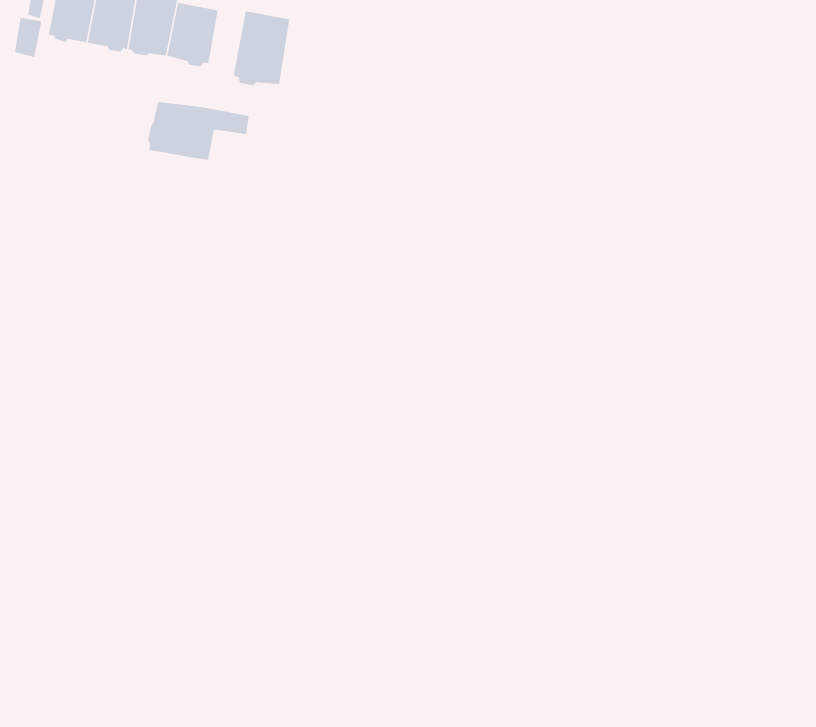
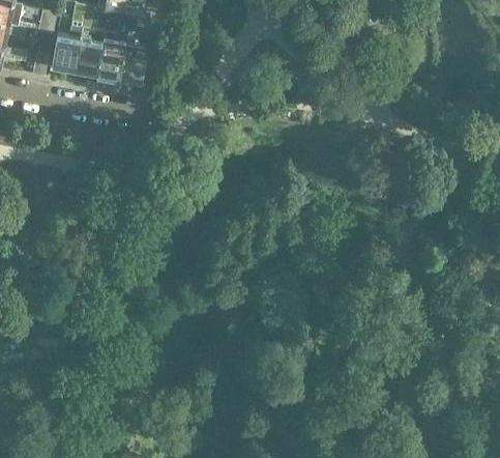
building: [233,11,290,86] -> none
building: [148,101,249,160] -> none

